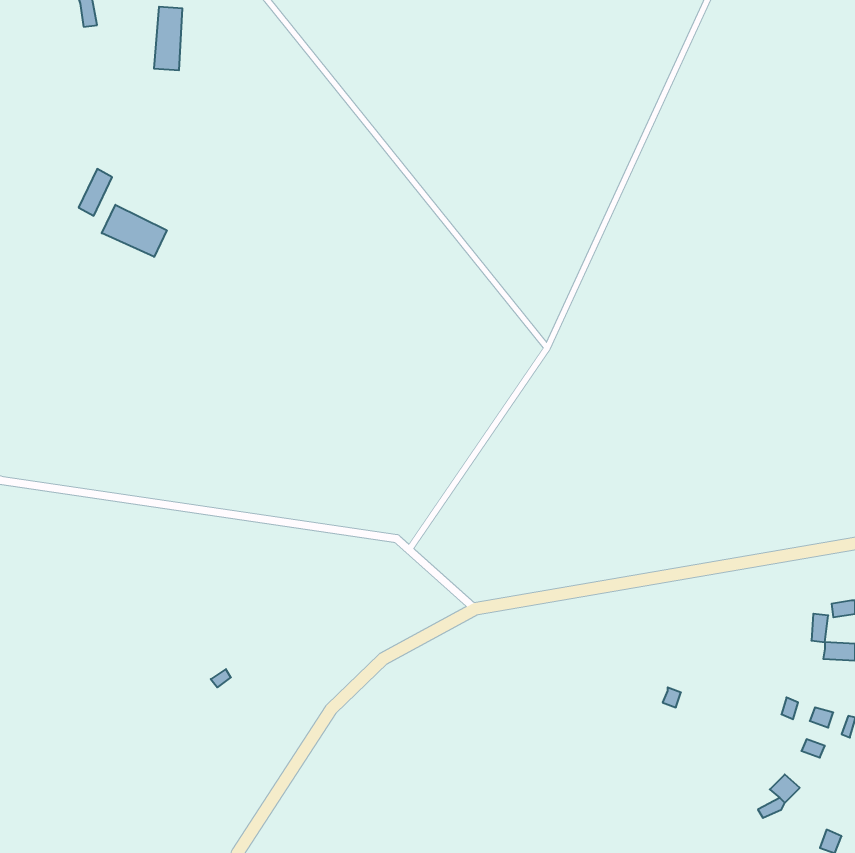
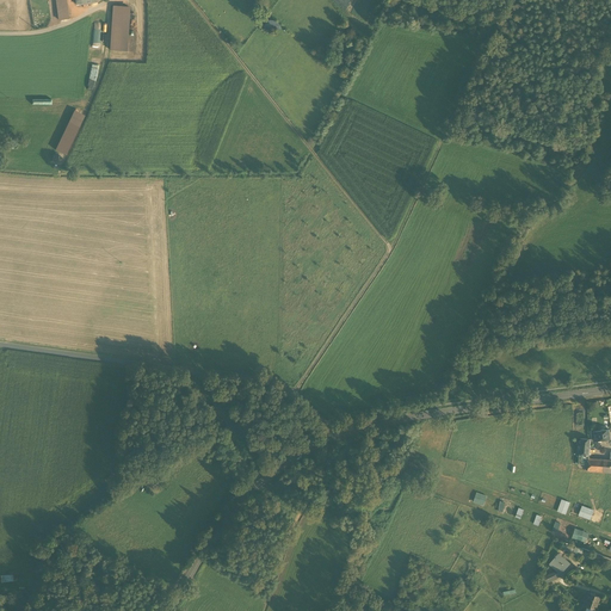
building: [102,205,167,257] -> none

